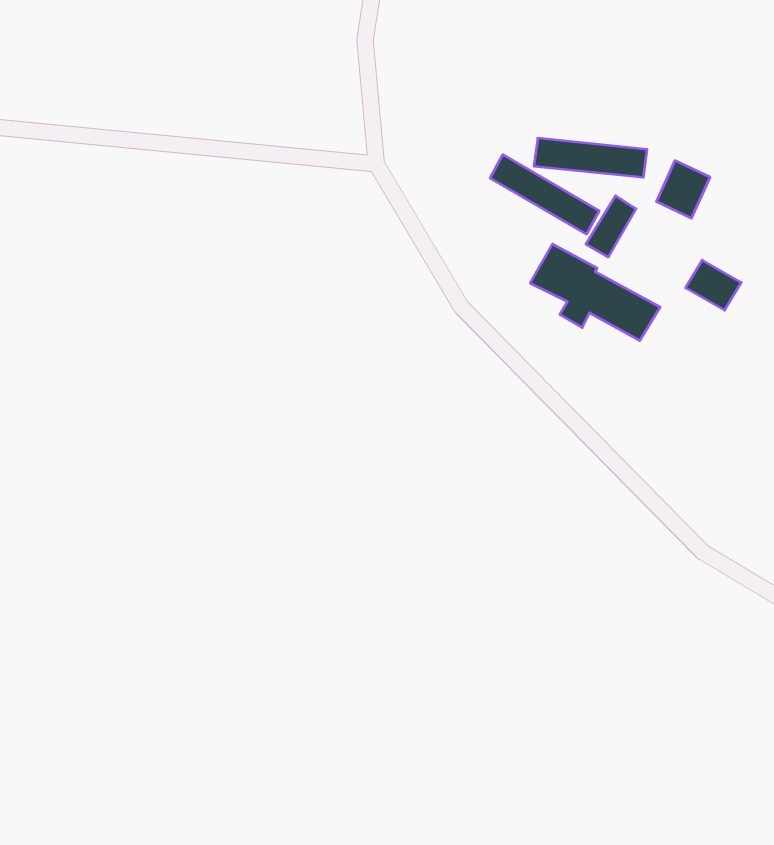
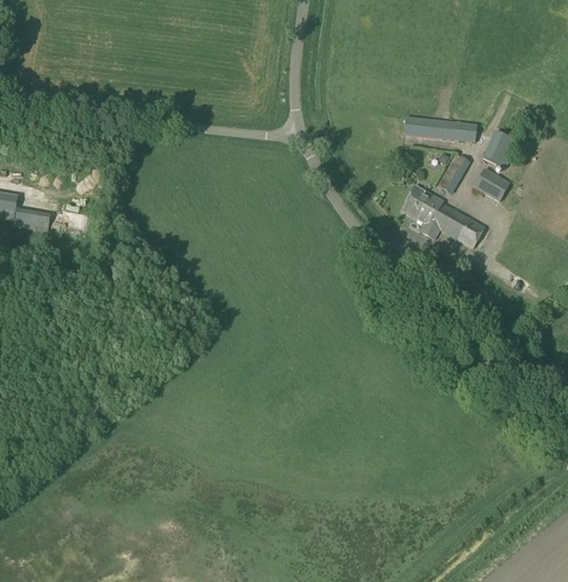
building: [490,155,599,234] -> none
building: [686,260,741,310] -> [473,168,509,201]

